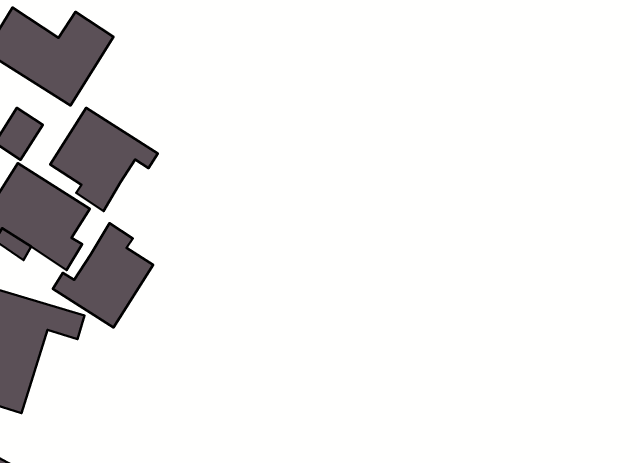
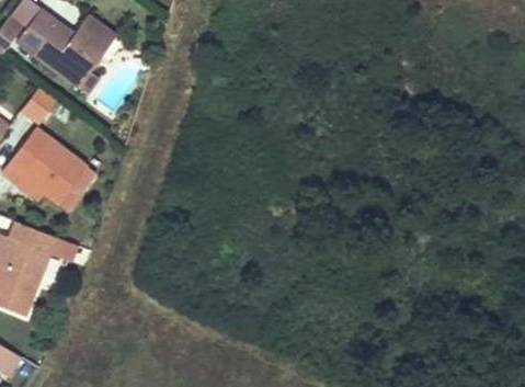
building: [50,108,158,211] -> none
building: [53,223,153,328] -> none

